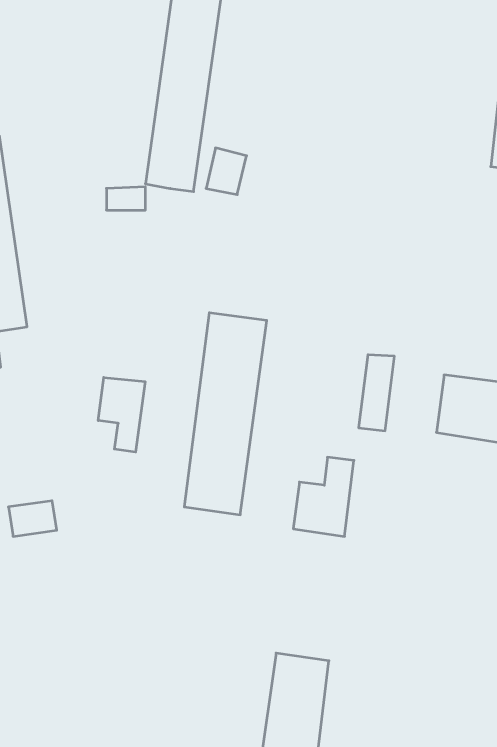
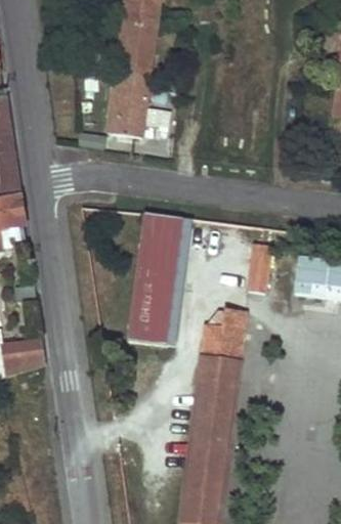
building: [98,377,145,452] -> none
building: none -> [189,357,235,444]

